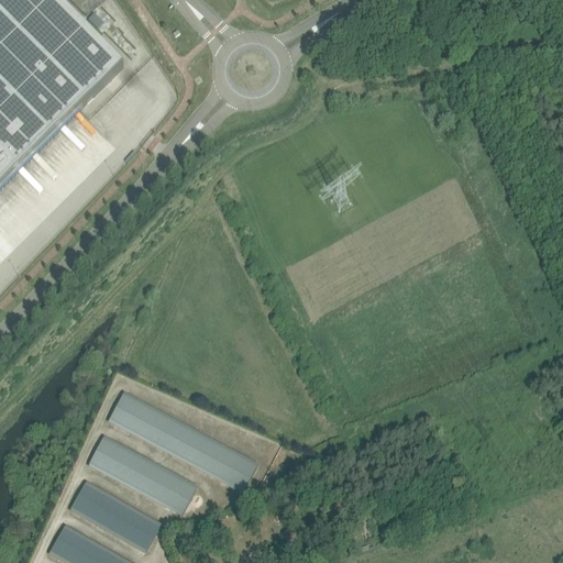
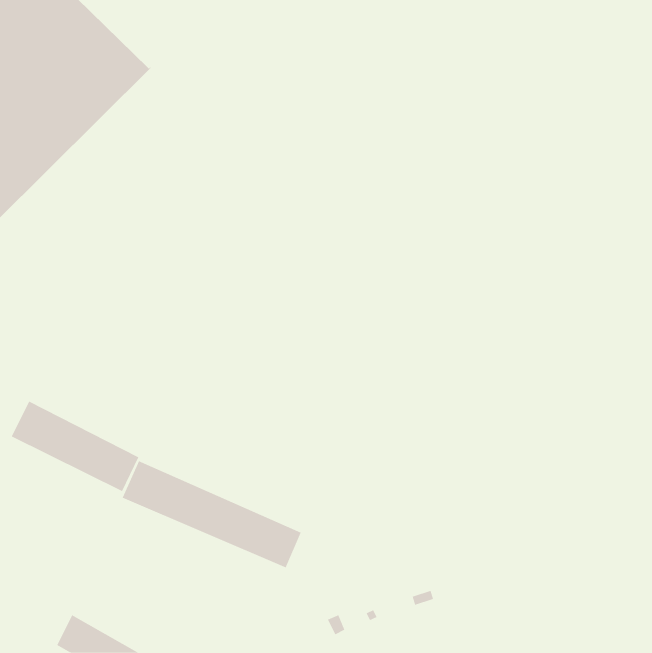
building: [86,435,196,514] -> [11,401,139,492]
building: [70,483,156,549] -> none

